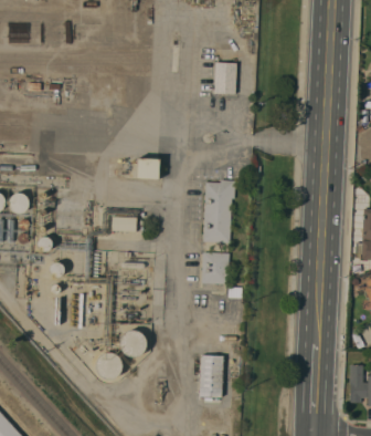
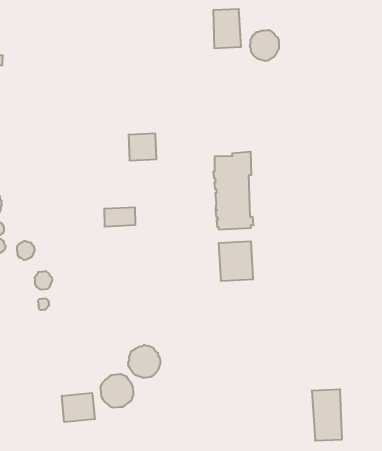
building: none -> [250,30,279,61]
building: [199,355,223,397] -> [312,389,342,441]
building: none -> [62,393,95,422]

